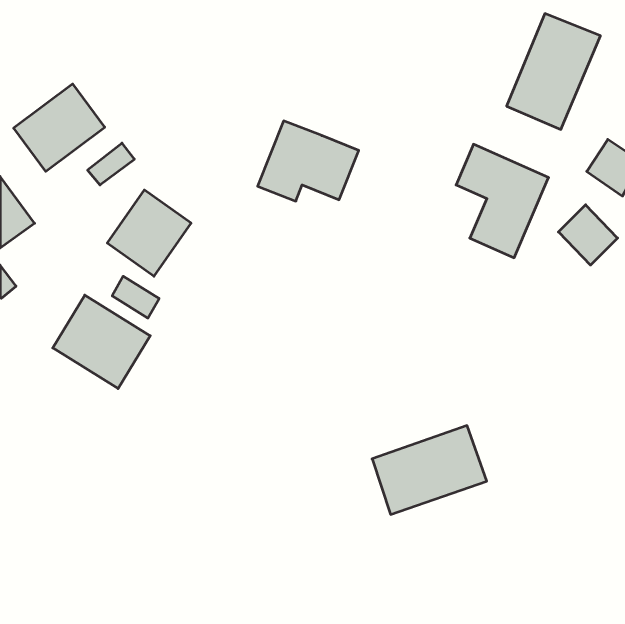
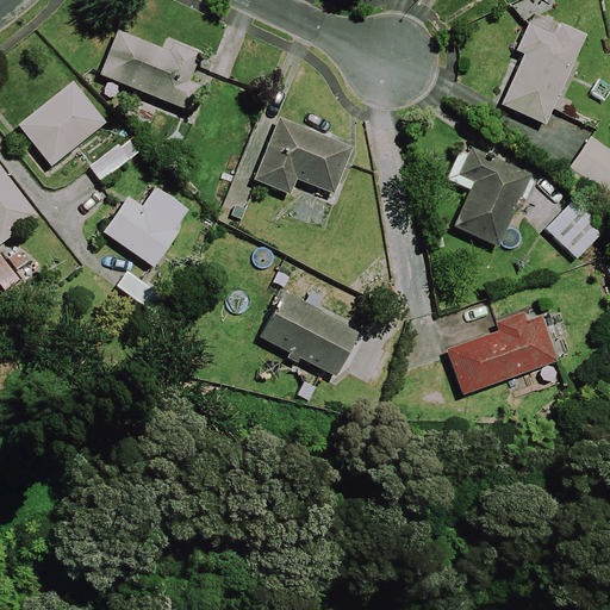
building: none -> [98,23,200,110]
building: none -> [256,284,366,378]
building: [53,295,150,389] -> none
building: [372,426,487,514] -> [444,309,555,394]

